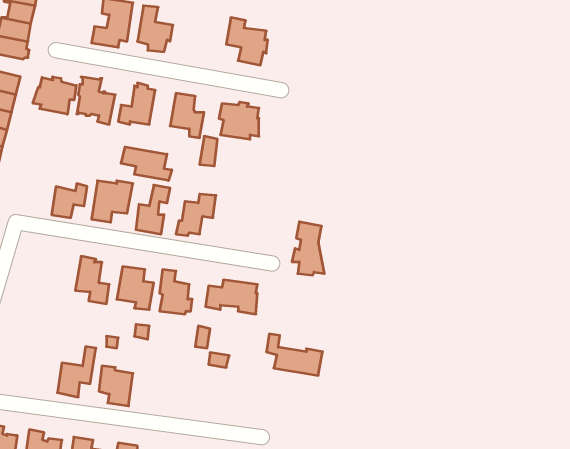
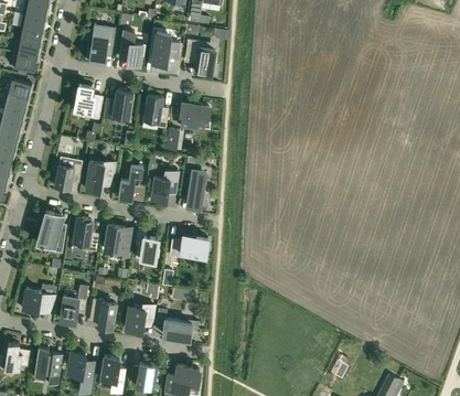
building: none -> [152,32,181,74]
building: [33,77,76,114] -> none
building: [121,147,172,181] -> none
building: [292,222,324,275] -> [184,169,208,208]
building: none -> [35,211,66,254]
building: [266,334,323,375] -> [157,309,199,340]
building: none -> [22,289,55,312]
building: none -> [125,304,154,333]

